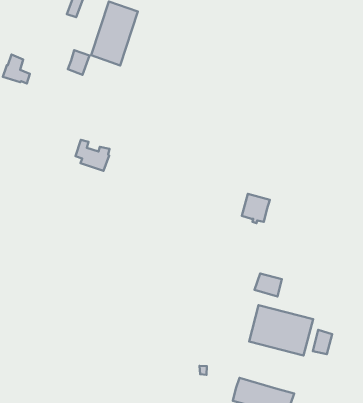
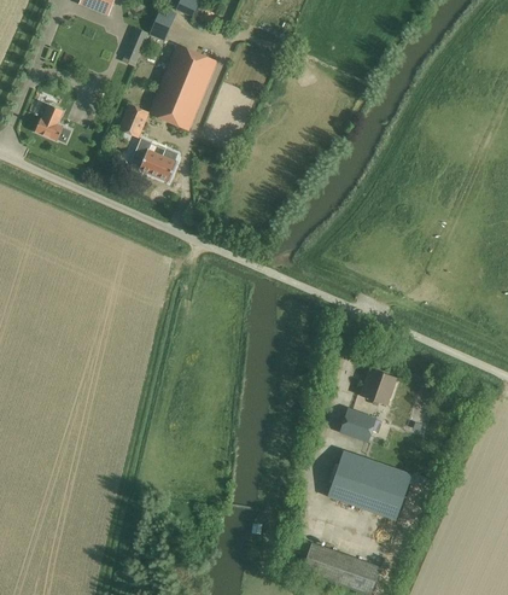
building: [75,140,109,171] -> [133,139,177,181]
building: [242,194,270,223] -> [360,367,397,406]
building: [313,330,332,354] -> none

